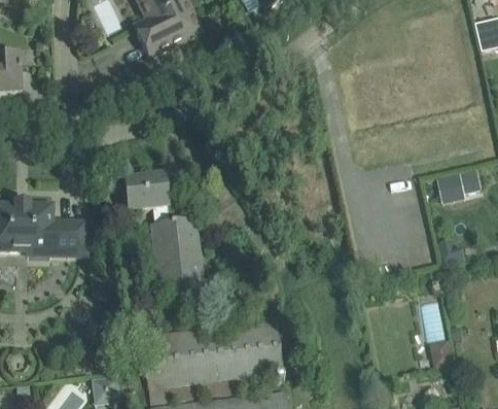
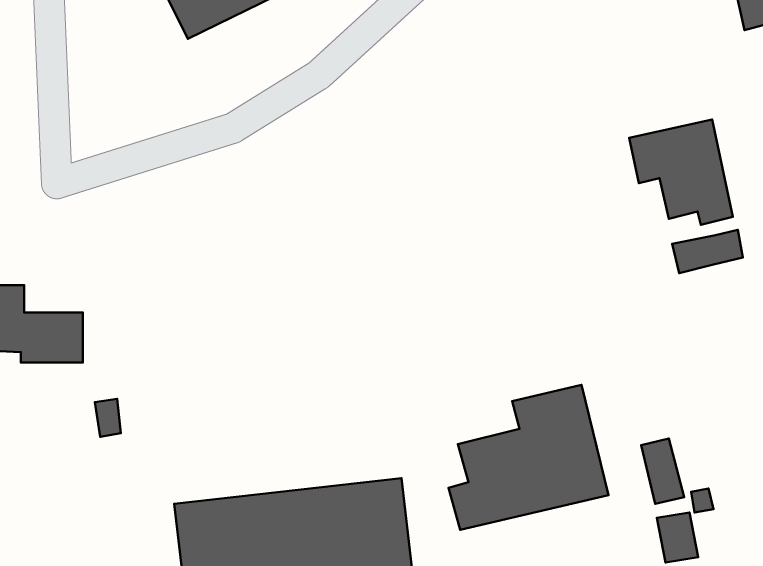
building: none -> [629,120,733,225]
building: [123,175,202,291] -> none
building: none -> [448,385,608,530]

